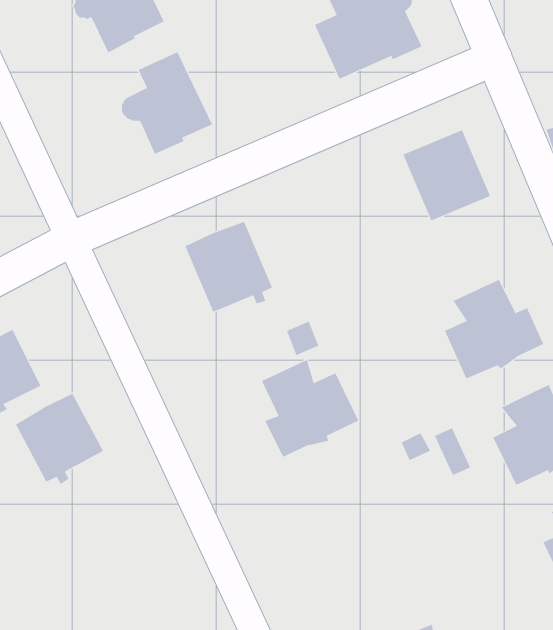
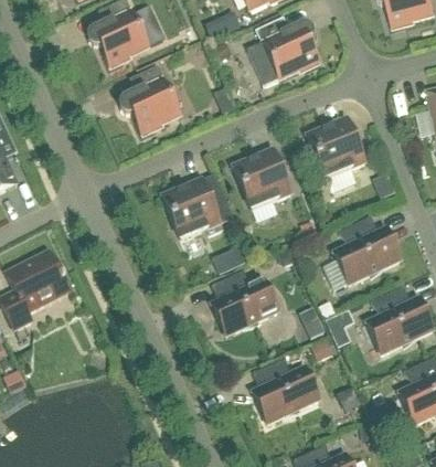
building: none -> [233,148,290,209]
building: [15,393,104,485] -> none
building: none -> [253,358,318,423]

